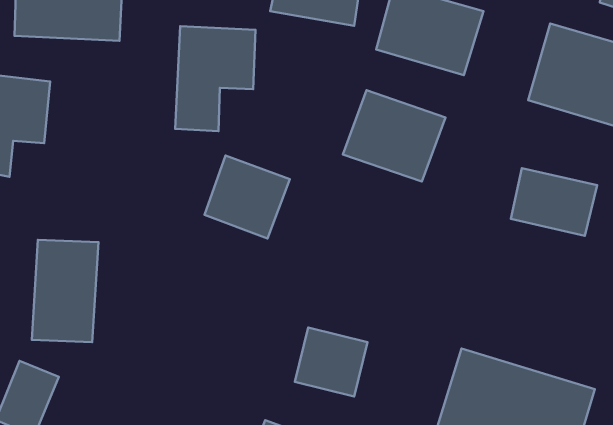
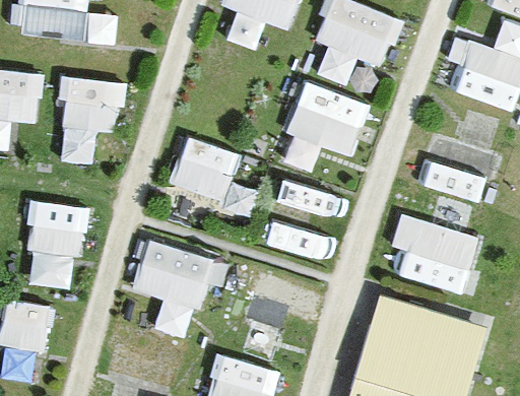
building: [175,26,256,131] -> [58,78,124,164]
building: none -> [392,216,478,293]
building: none -> [133,239,215,339]

